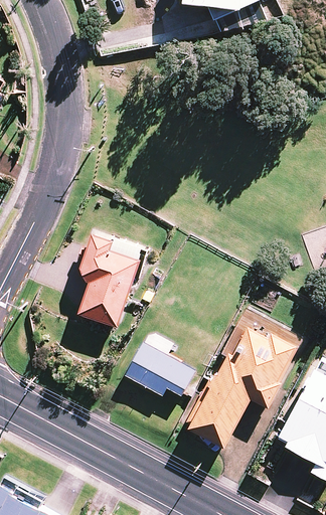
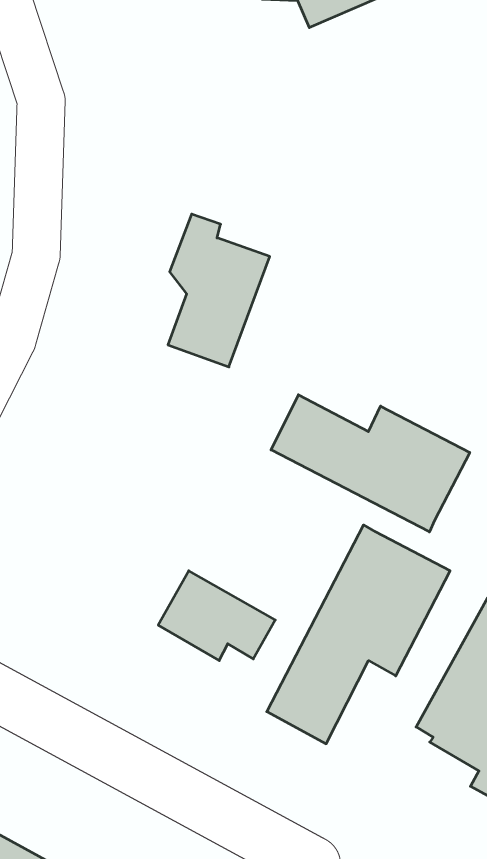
building: [79,235,140,326] -> [168,214,270,367]
building: none -> [271,395,470,532]

